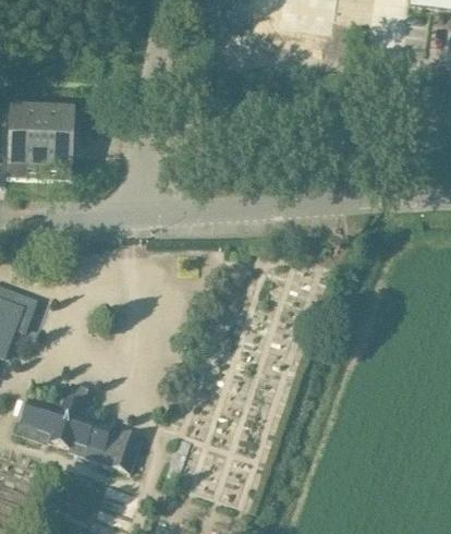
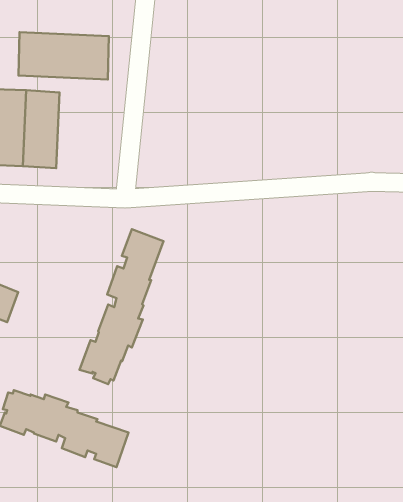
building: none -> [19,32,109,80]
building: none -> [80,229,164,384]

